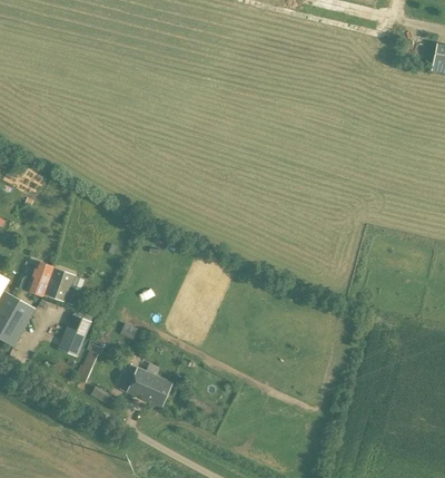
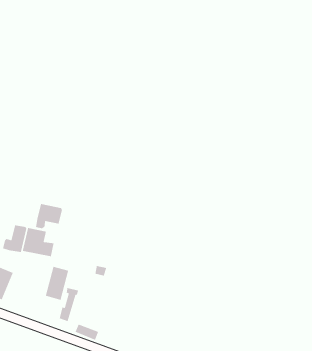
building: none -> [35,203,63,229]
building: [126,368,170,407] -> none

